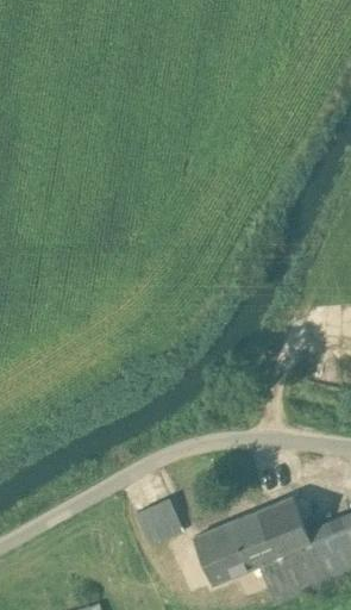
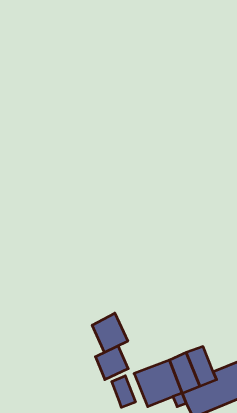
building: none -> [92,313,128,352]
building: none -> [112,376,135,407]

